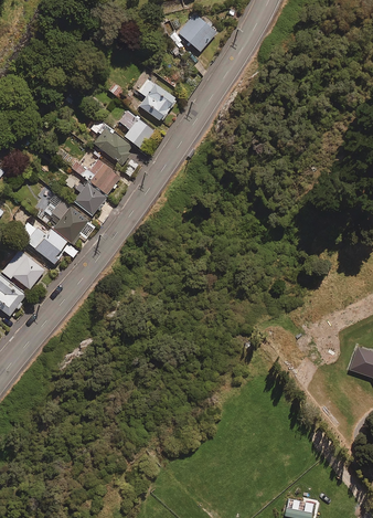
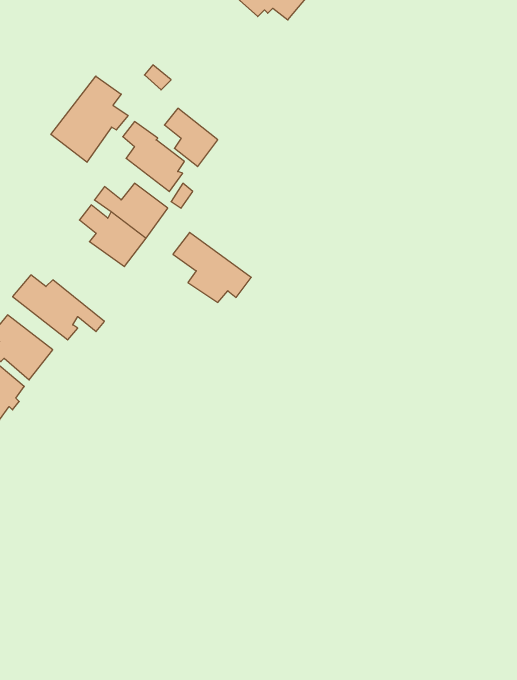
building: [139,78,177,120] -> none
building: none -> [51,76,128,162]
building: [44,195,96,242] -> [173,232,251,302]

